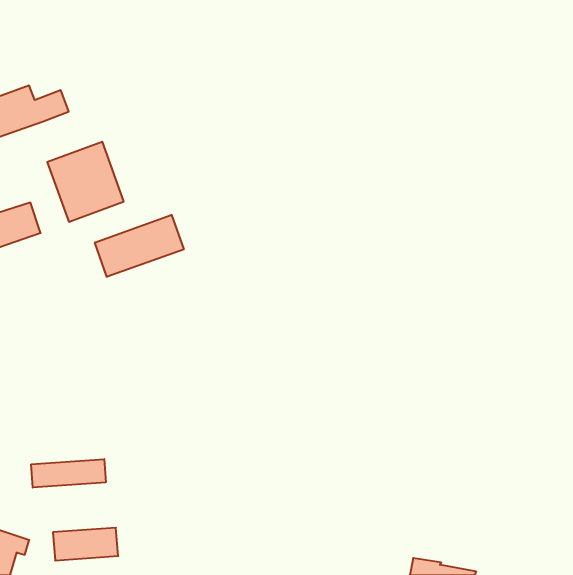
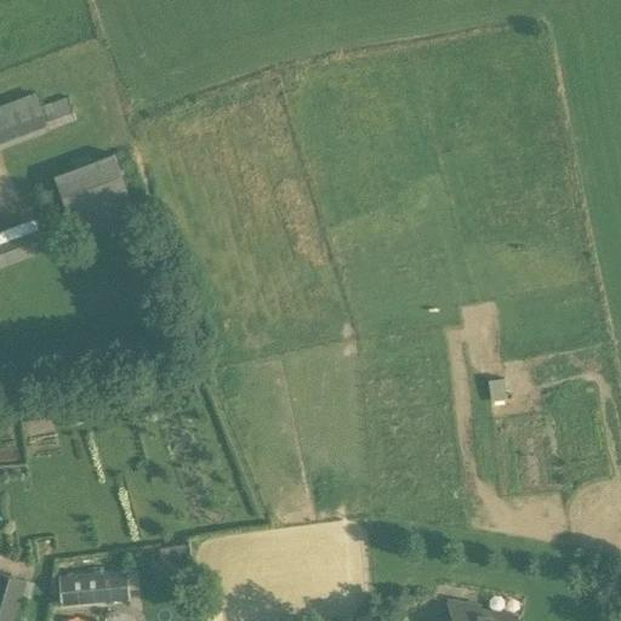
building: [95,215,184,277] -> none
building: [31,459,106,488] -> none

